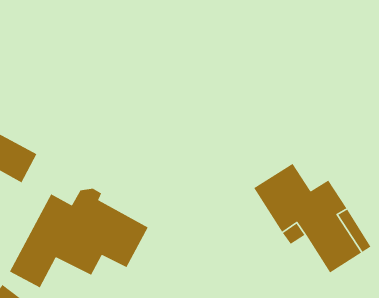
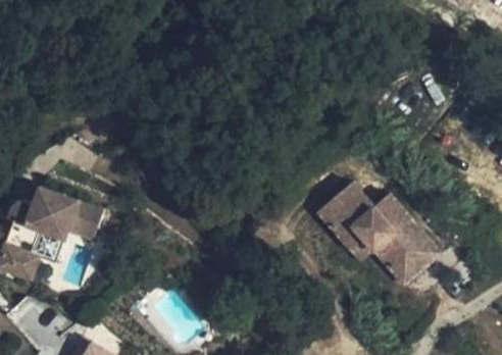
building: [9,188,149,288] -> none

